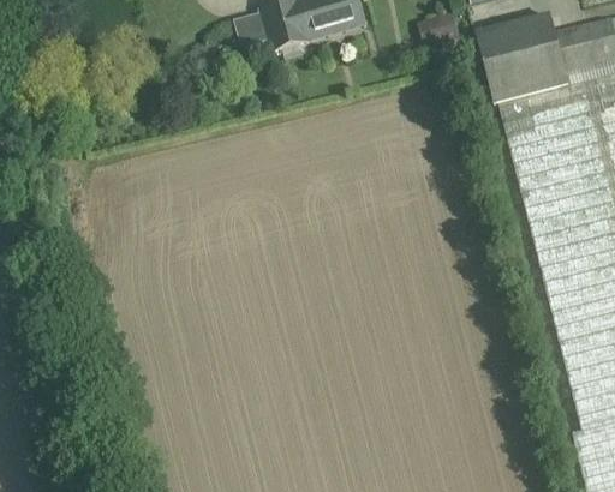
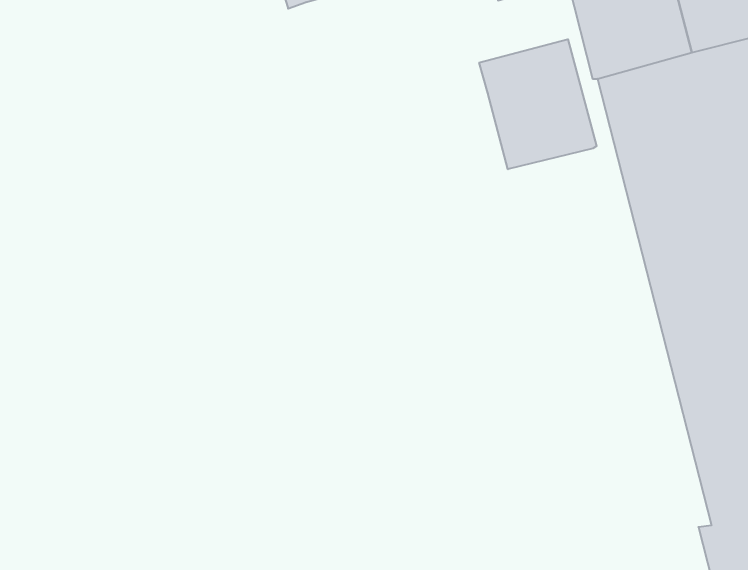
building: none -> [479,39,597,169]

